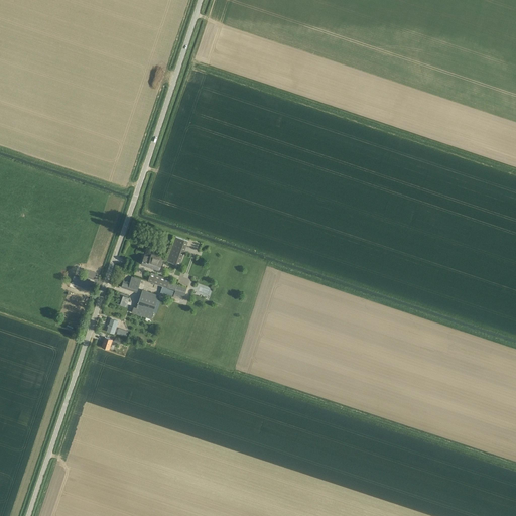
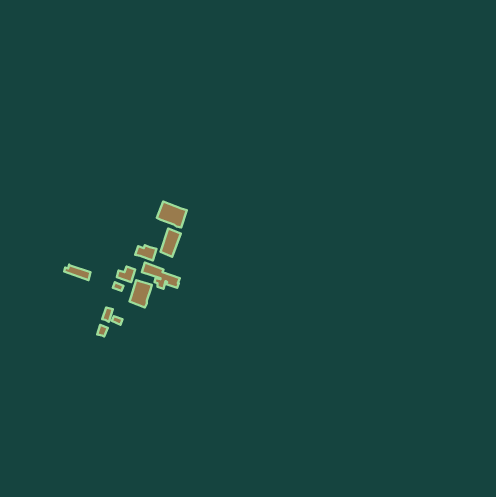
building: none -> [157,201,187,228]

